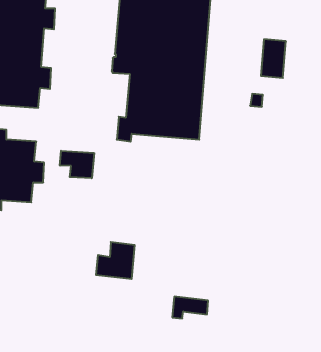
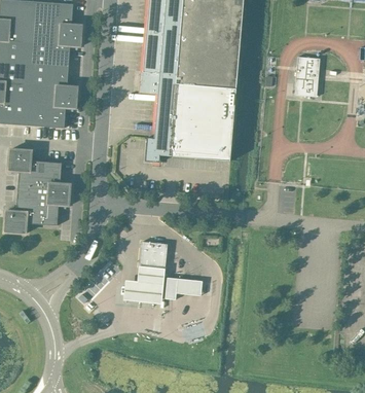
building: [60,151,94,178] -> none
building: none -> [139,241,168,270]
building: [172,297,208,318] -> [165,277,202,299]

